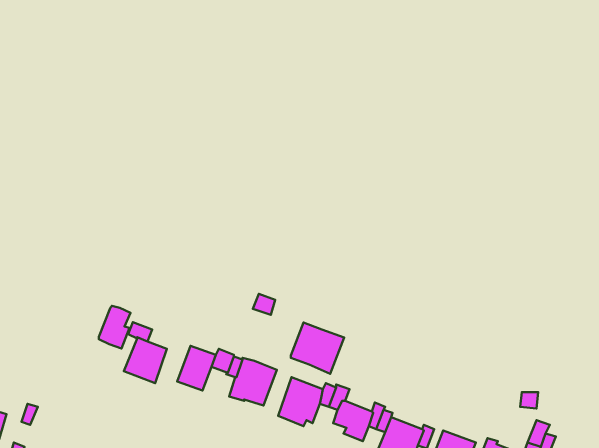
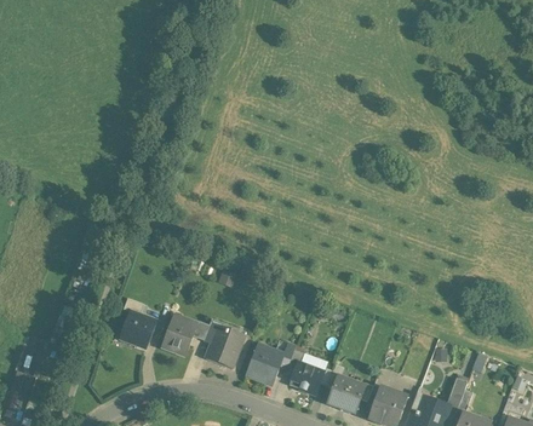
building: [99,306,130,349] -> none
building: [291,323,344,374] -> none

